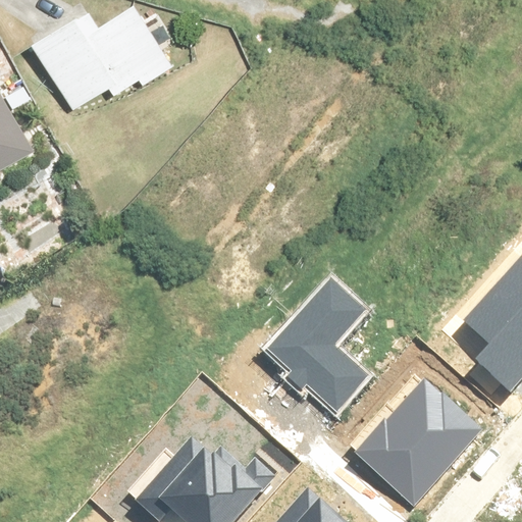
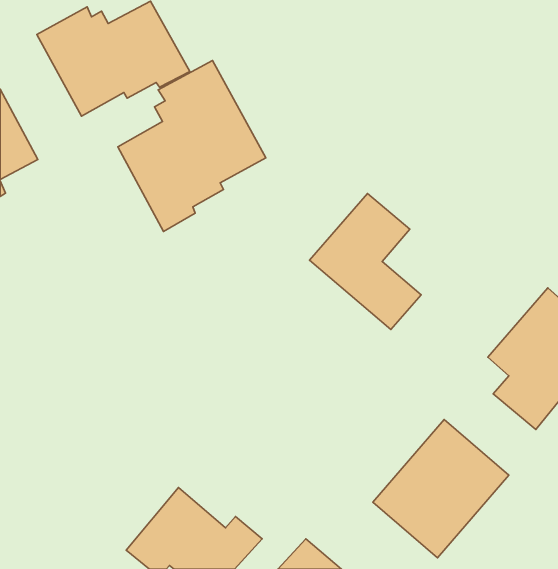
building: none -> [118,61,266,231]
building: [270,288,372,412] -> [310,193,421,330]

